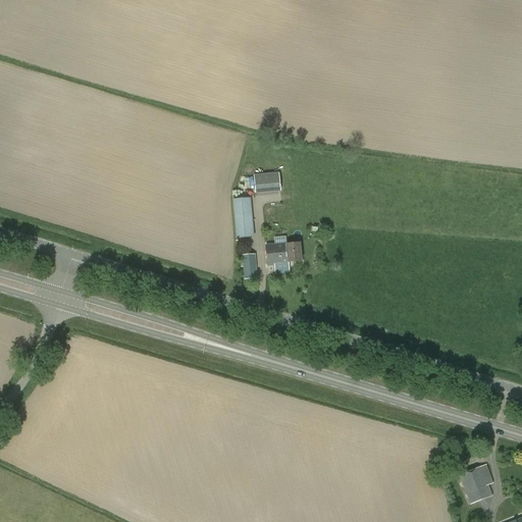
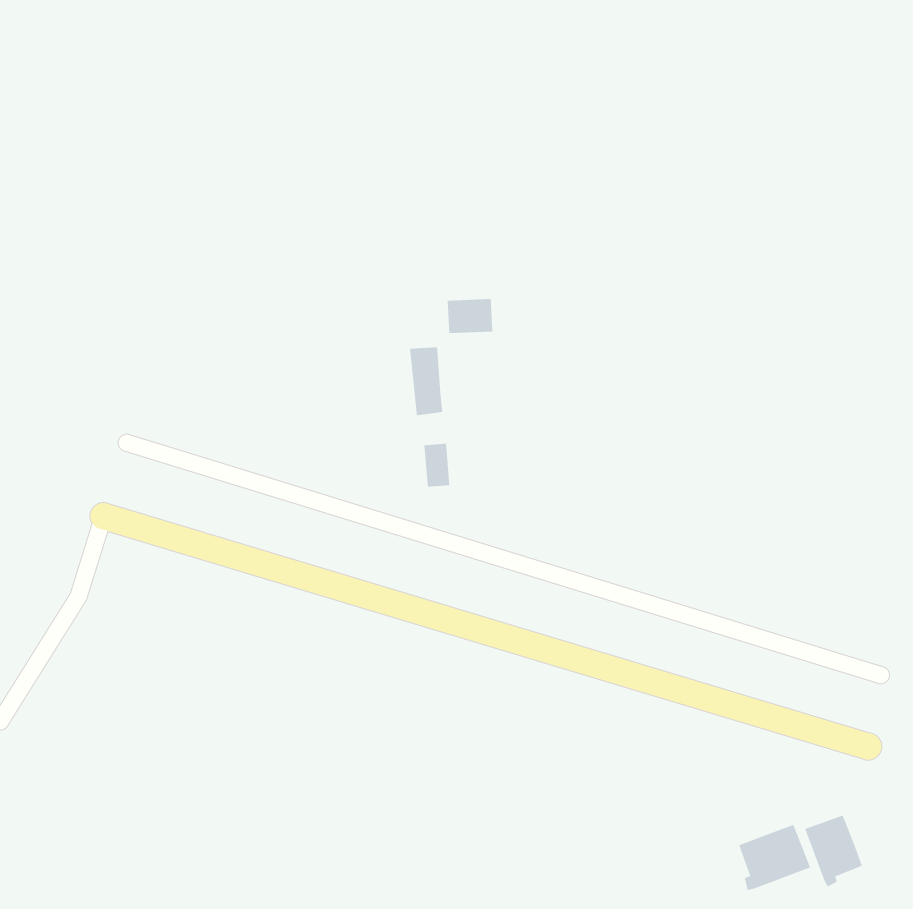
building: [266,242,301,264] -> none
building: none -> [738,824,811,891]

